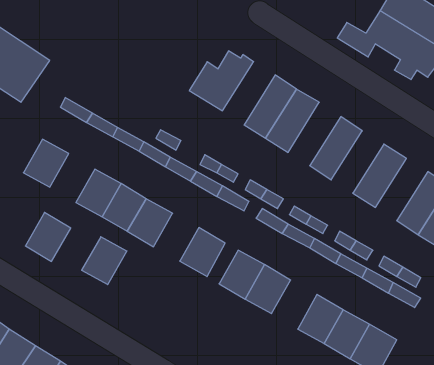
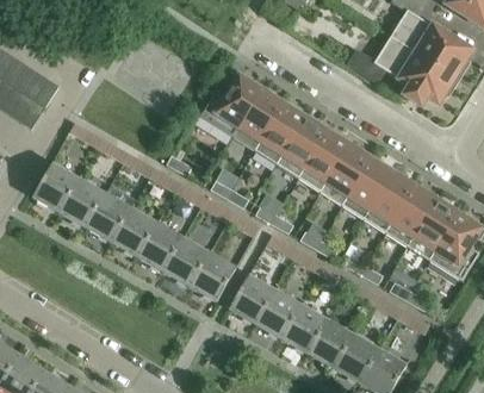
building: none -> [232,87,285,150]
building: none -> [298,127,350,191]
building: none -> [341,156,393,218]
building: none -> [385,183,438,245]
building: [25,212,71,261] -> [60,179,105,227]
building: [82,237,127,285] -> [163,238,209,286]
building: none -> [281,305,327,354]

